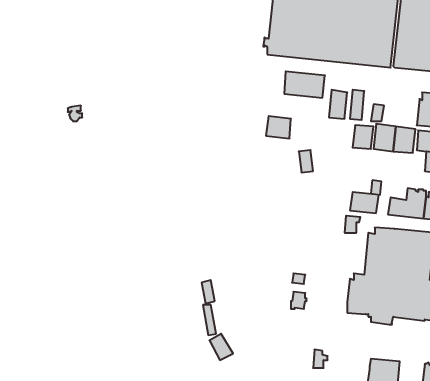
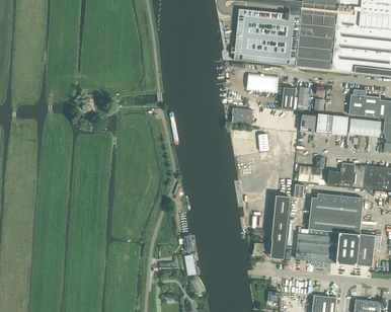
building: none -> [271,194,290,258]

